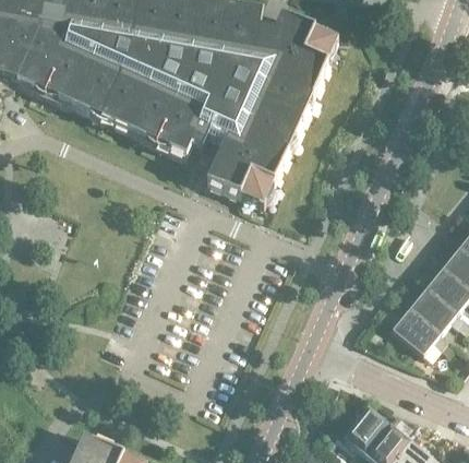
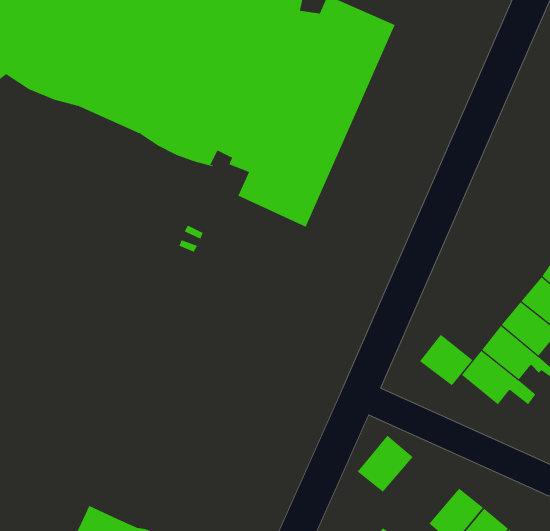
building: none -> [419,334,473,386]
building: [342,403,389,451] -> [357,435,413,493]

